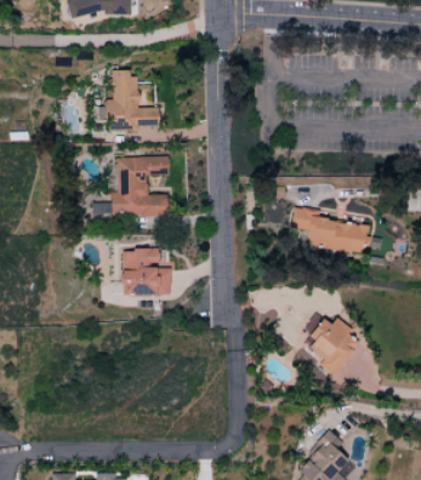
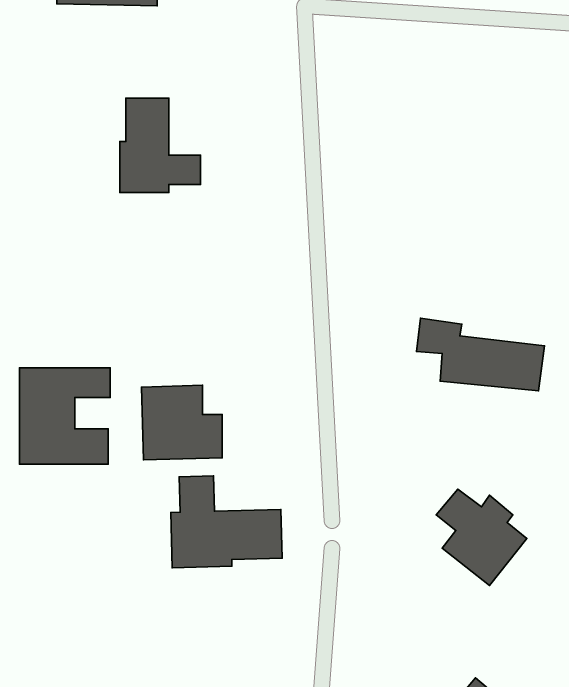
building: [113,156,169,216] -> [20,368,110,464]
building: none -> [171,476,282,568]

